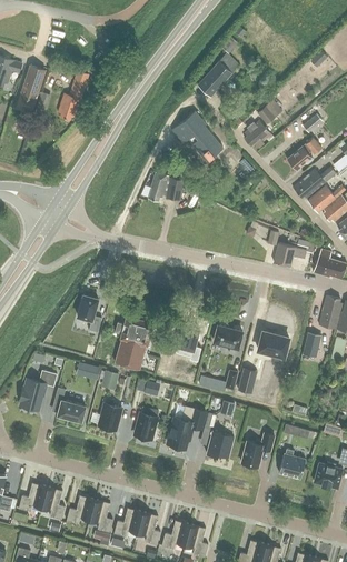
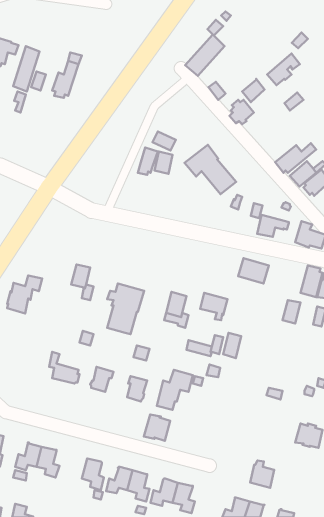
building: [170,109,225,161] -> [184,145,236,194]
building: [287,137,321,170] -> [267,54,300,85]
building: [257,330,289,357] -> [238,258,269,283]
building: [20,370,57,410] -> [7,275,42,313]
building: [206,431,234,459] -> [144,414,170,441]
building: [241,433,275,466] -> none
building: [279,449,305,478] -> [250,460,274,488]
building: [67,494,95,523] -> none

